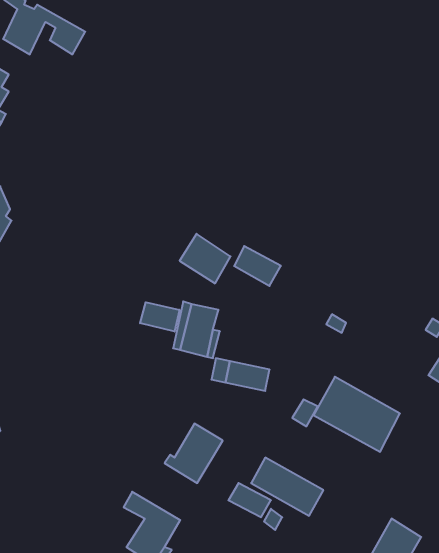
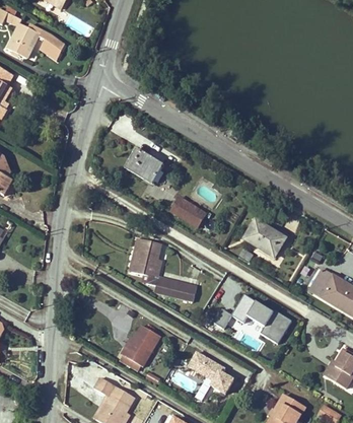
building: [180,234,231,283] -> [125,147,161,183]
building: none -> [244,220,286,256]
building: [140,302,179,332] -> none

